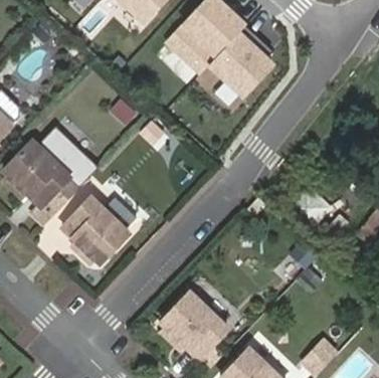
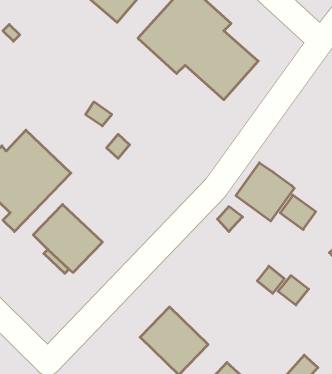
building: none -> [236,163,294,221]

